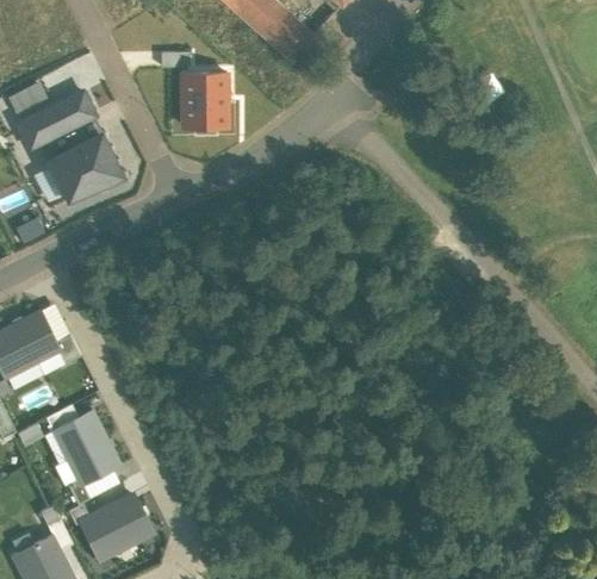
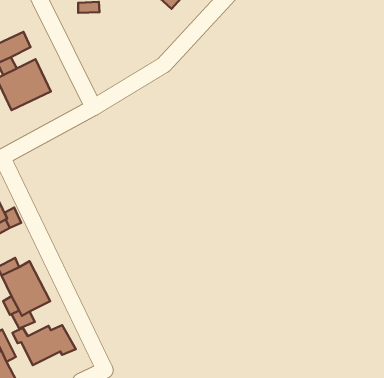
building: [181,70,226,124] -> none

